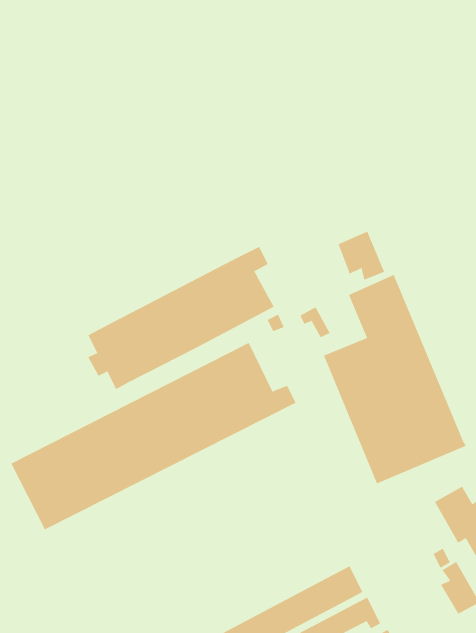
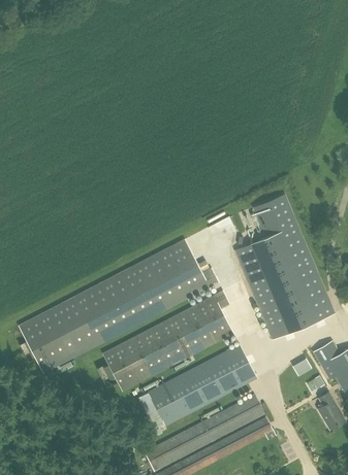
building: [338,231,385,281] -> none
building: [88,246,274,390] -> [103,290,233,389]
building: none -> [138,344,257,434]

